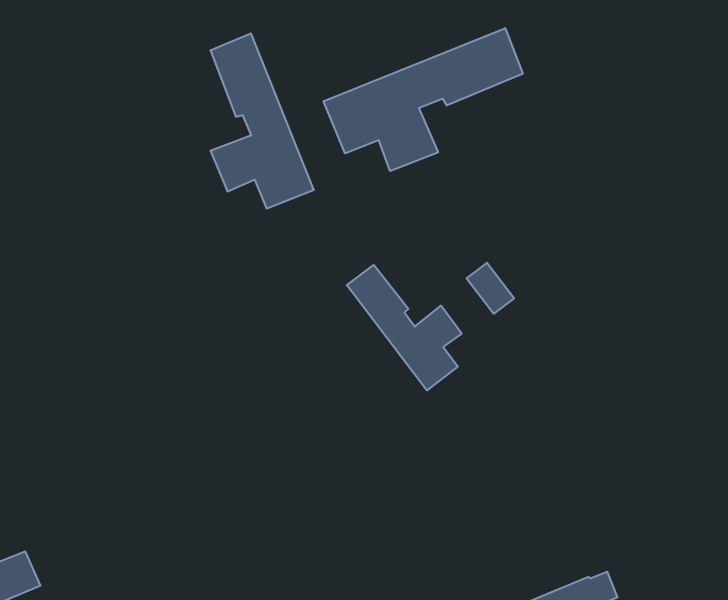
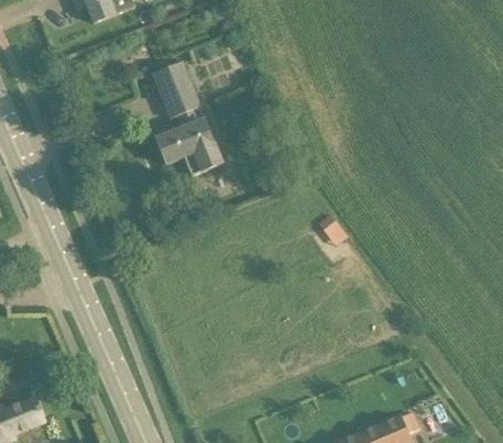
building: [324,28,523,171] -> none
building: [347,265,462,390] -> none

